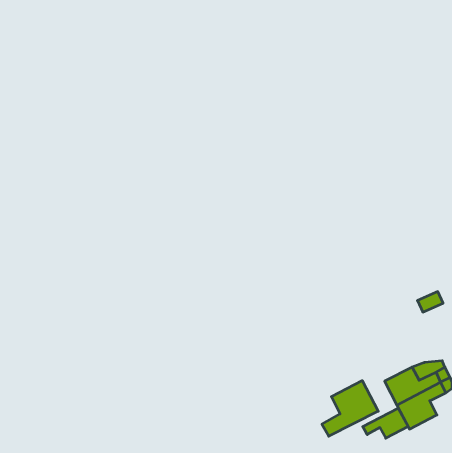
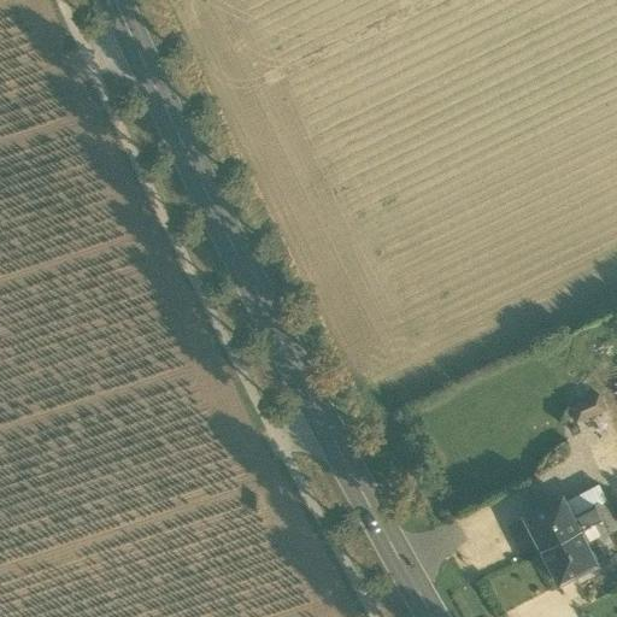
building: [322,381,378,436] -> none
building: [363,408,408,438] -> none

